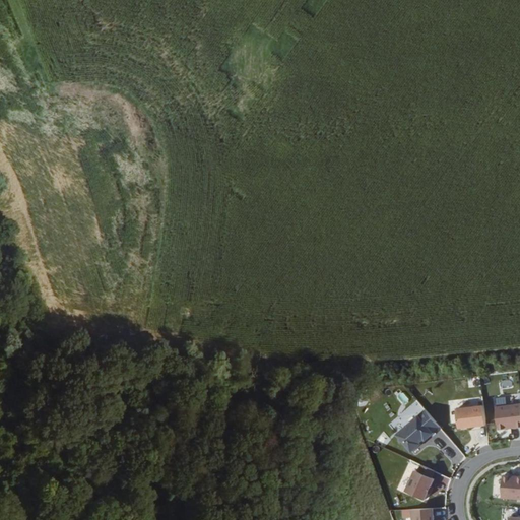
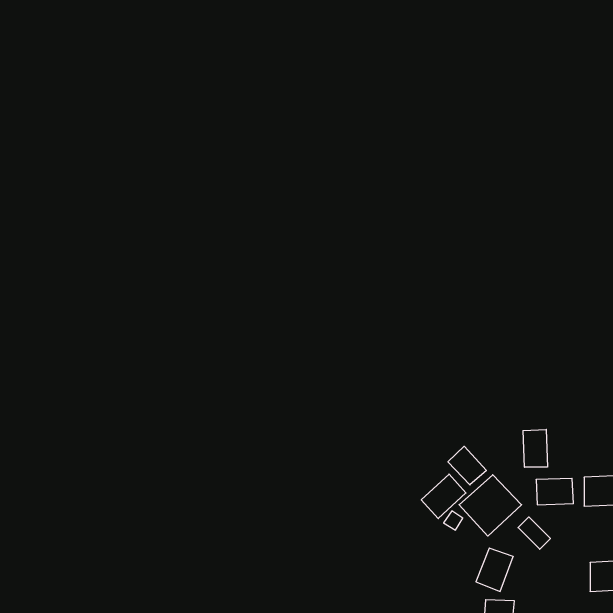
building: none -> [523,429,547,467]
building: none -> [448,446,486,485]
building: none -> [421,474,466,519]

